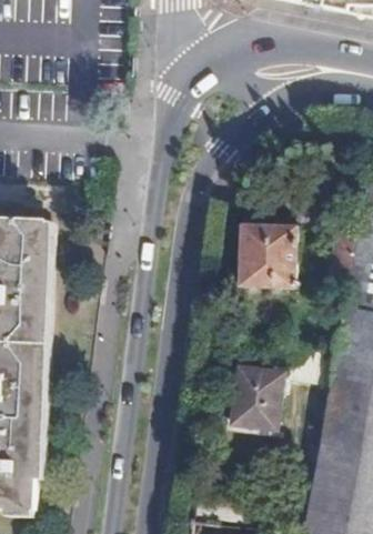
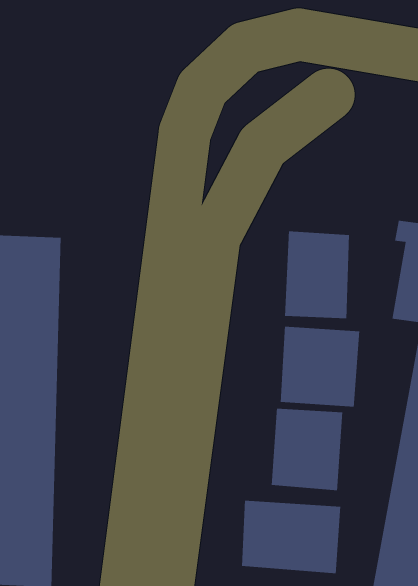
building: none -> [280,326,360,407]
building: none -> [241,500,341,574]

